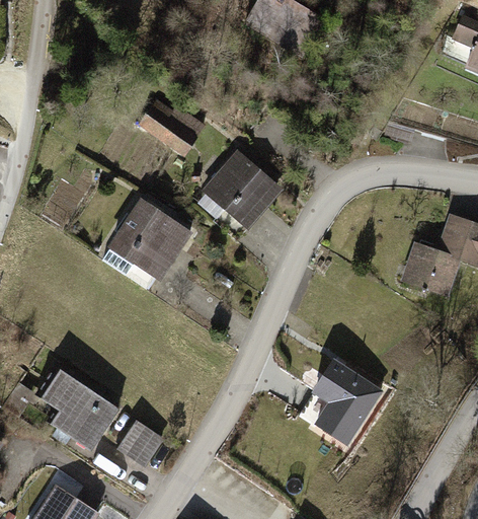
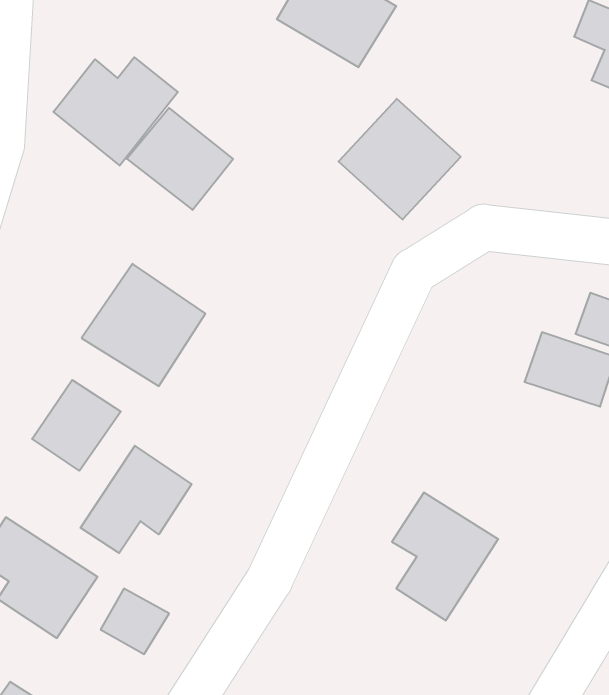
building: none -> [53,57,178,166]
building: [200,147,285,231] -> [338,99,461,220]
building: none -> [32,380,121,471]
building: none -> [81,446,192,553]

